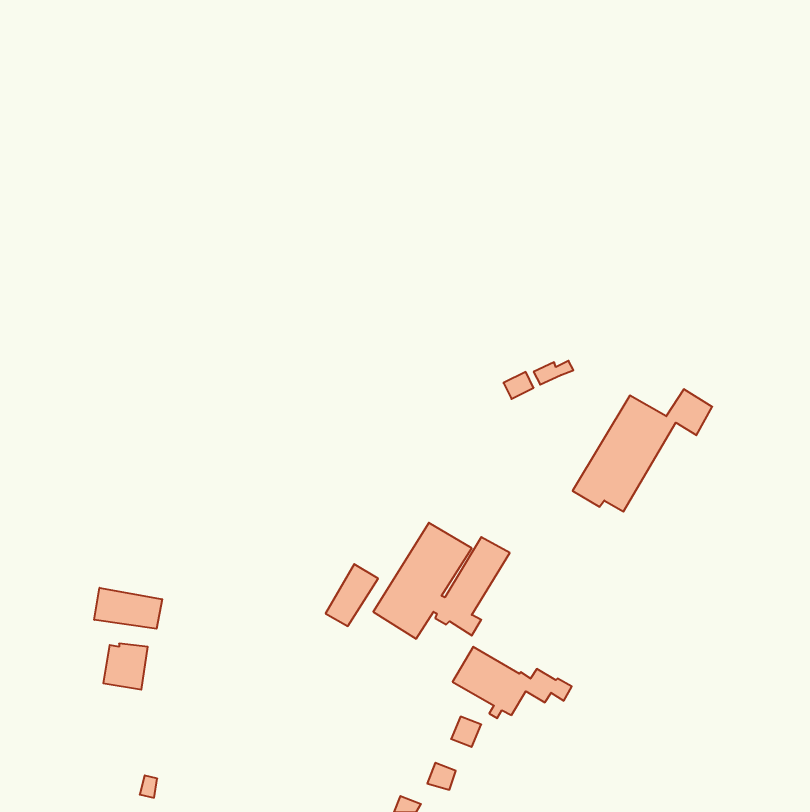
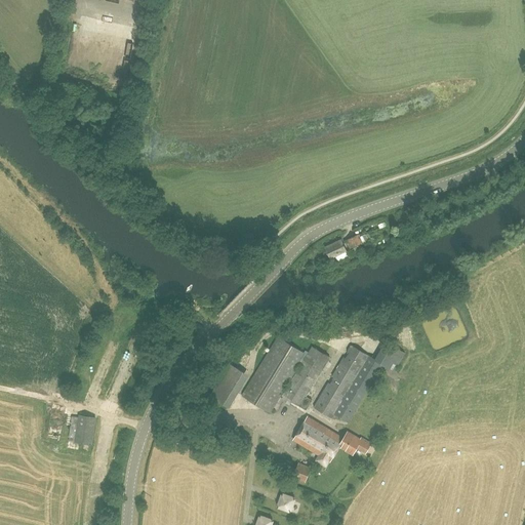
building: [573,389,712,512] -> [313,341,403,420]
building: [94,588,162,629] -> none

